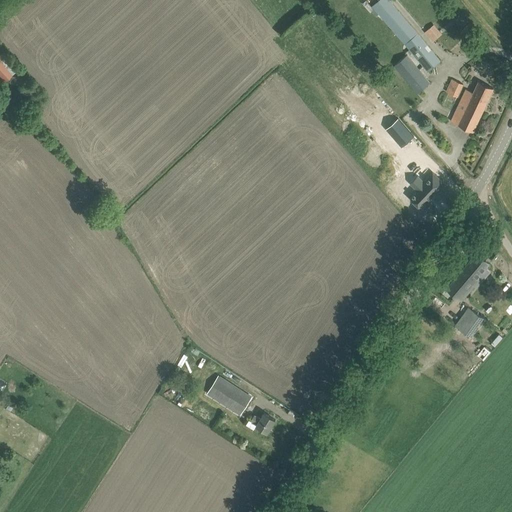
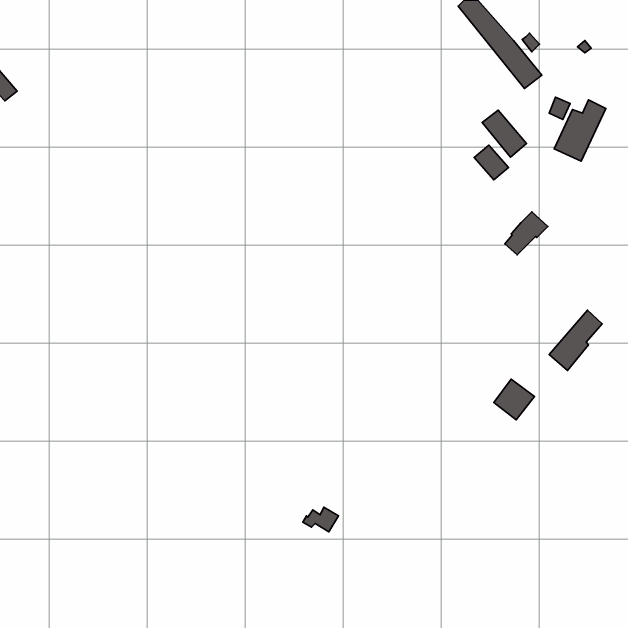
building: [393,56,429,94] -> [482,110,527,157]
building: [453,306,486,339] -> [494,379,535,420]
building: [206,376,251,414] -> none

